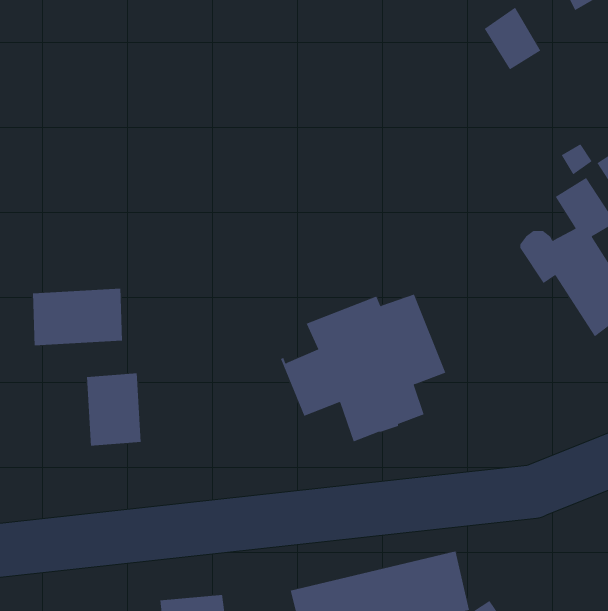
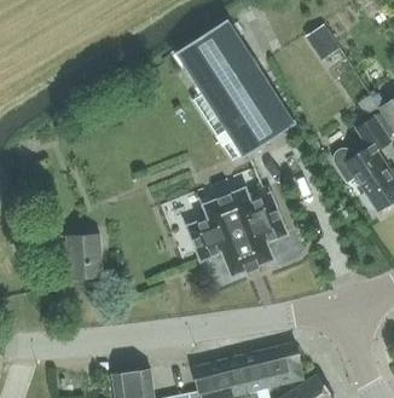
building: none -> [176,19,294,162]
building: [33,288,123,346] -> none

